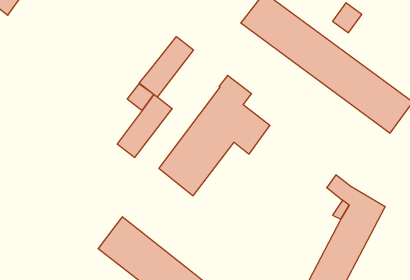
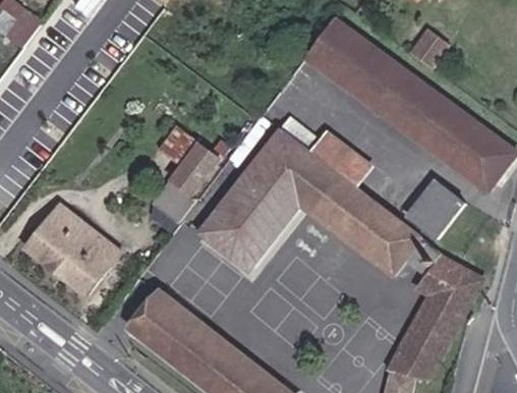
building: [139,37,193,97] -> none
building: none -> [307,130,420,274]
building: none -> [405,179,463,237]
building: none -> [25,205,118,294]

